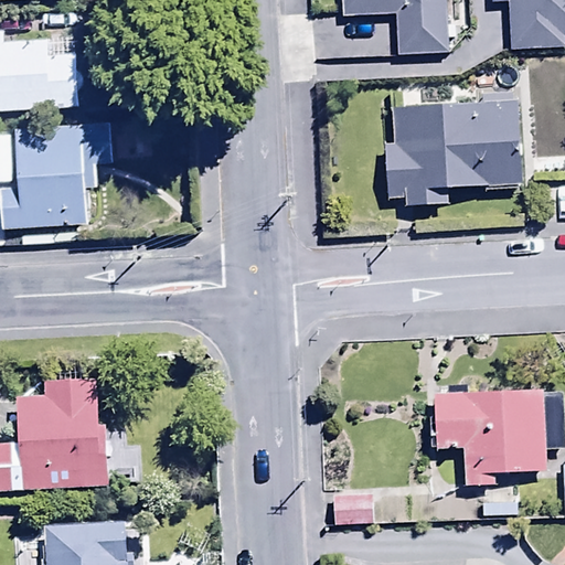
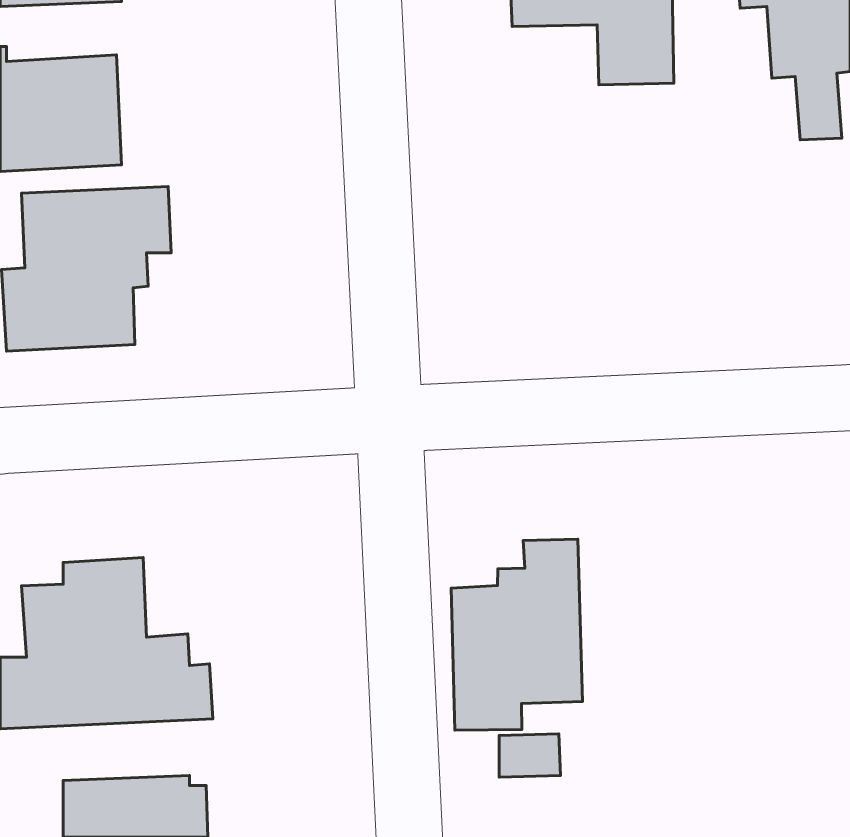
building: [387,107,520,214] -> none
building: none -> [451,539,583,730]
building: [430,379,545,478] -> none

